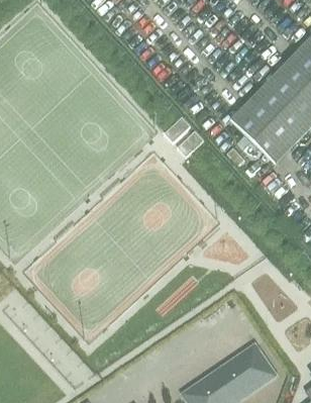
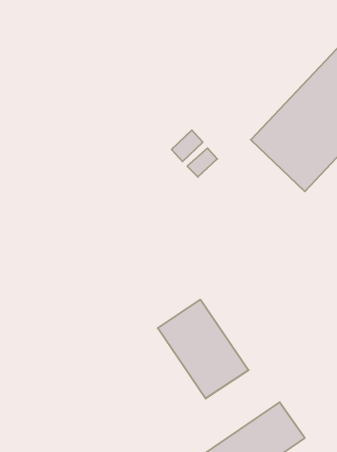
building: none -> [158,300,249,399]

